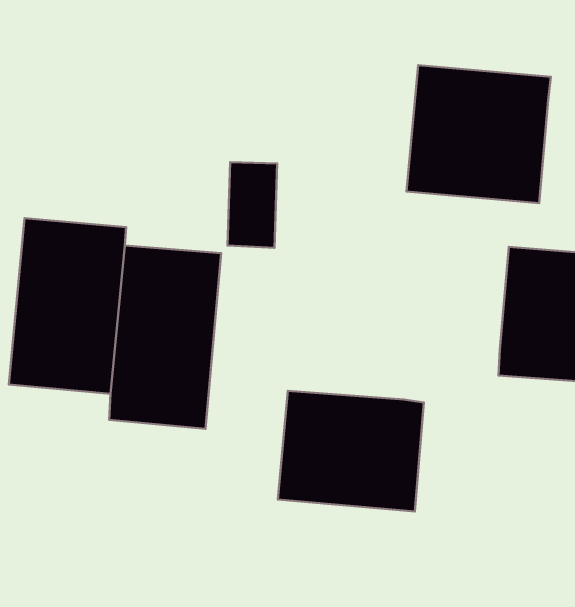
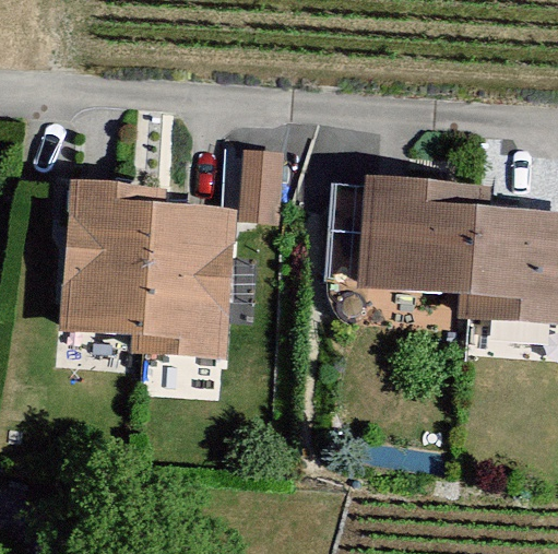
building: [406,65,551,203] -> [357,178,478,294]
building: [278,391,424,512] -> none

